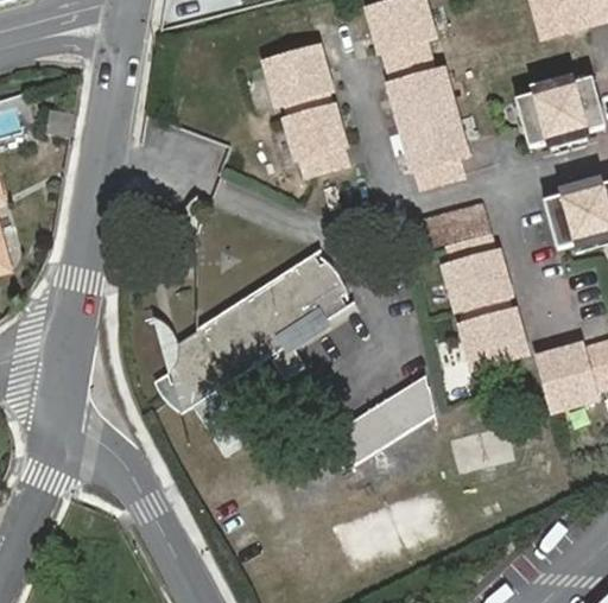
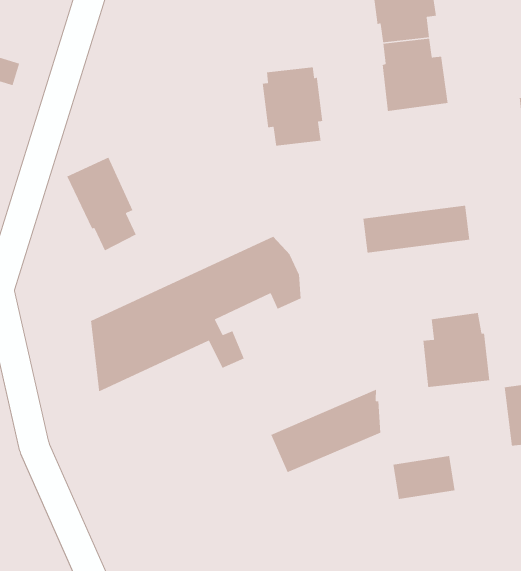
building: [267,49,330,107] -> none
building: [401,112,467,184] -> none
building: none -> [66,157,137,252]
building: [446,235,512,307] -> none

